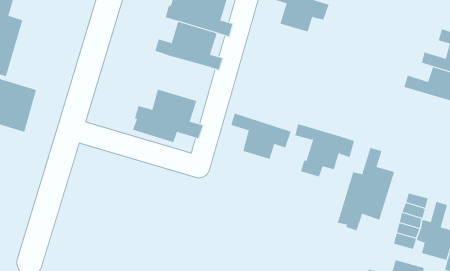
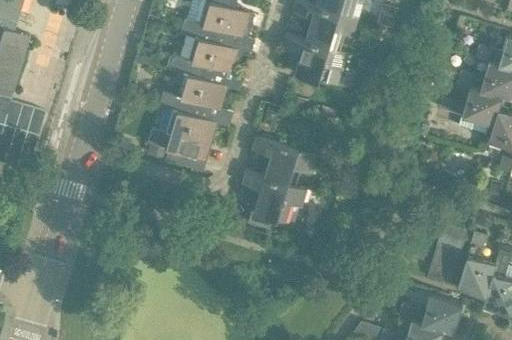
building: none -> [283,34,348,84]
building: none -> [159,74,233,127]
building: [295,123,355,177] -> [242,171,307,229]
building: [337,147,395,231] -> none

